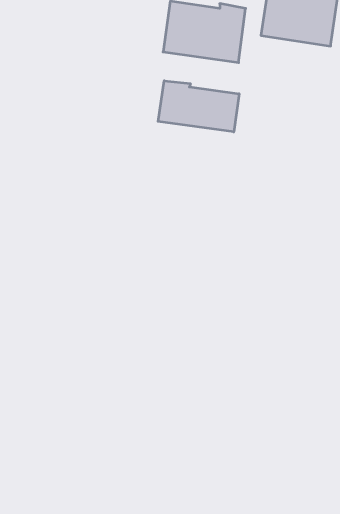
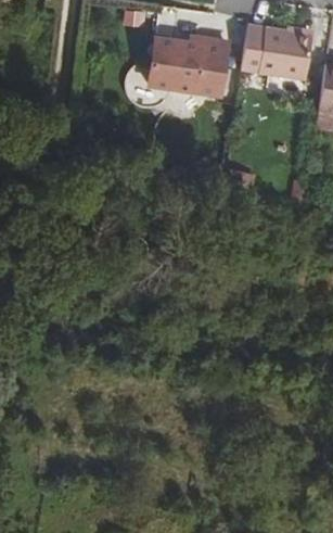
building: [158,81,239,132] -> none

